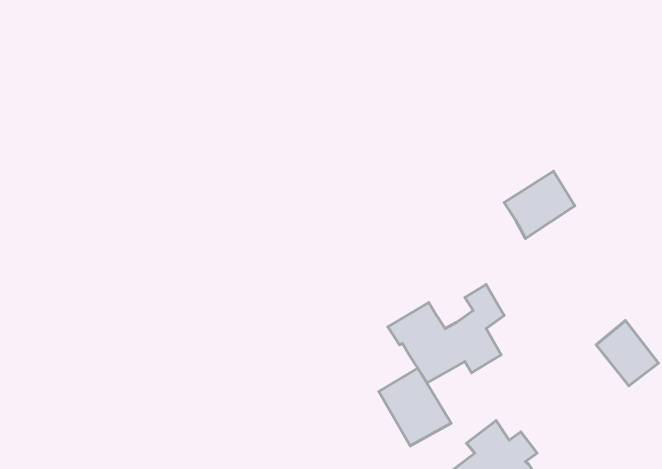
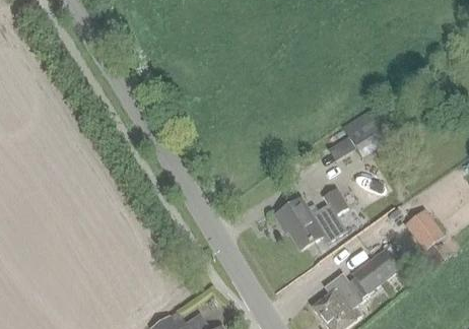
building: [379,368,451,446] -> none
building: none -> [352,248,400,291]

